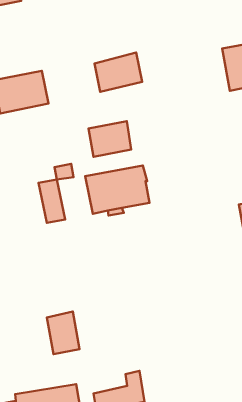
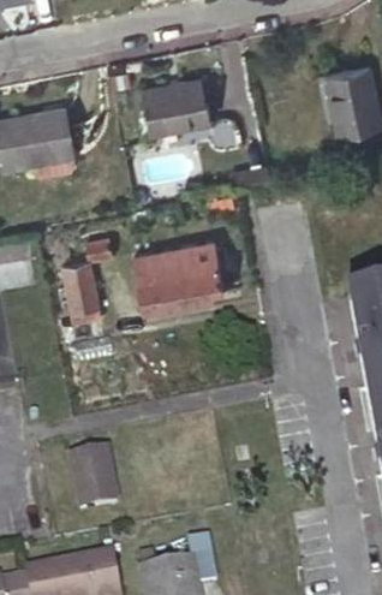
building: [89,121,131,157] -> none

